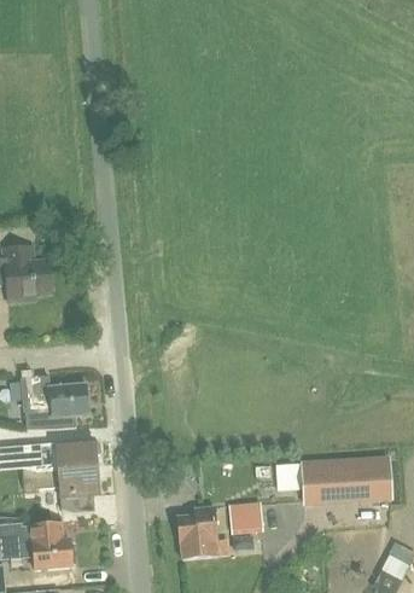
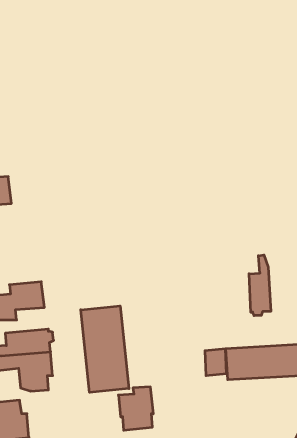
building: none -> [249,255,271,316]
building: none -> [81,306,129,392]
building: [228,501,262,533] -> none

